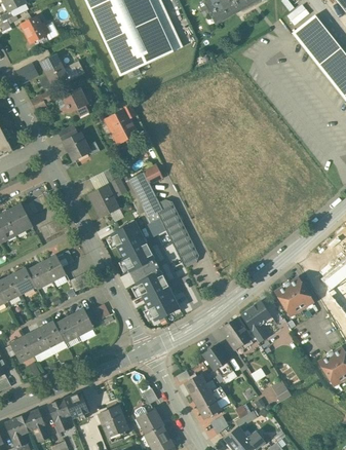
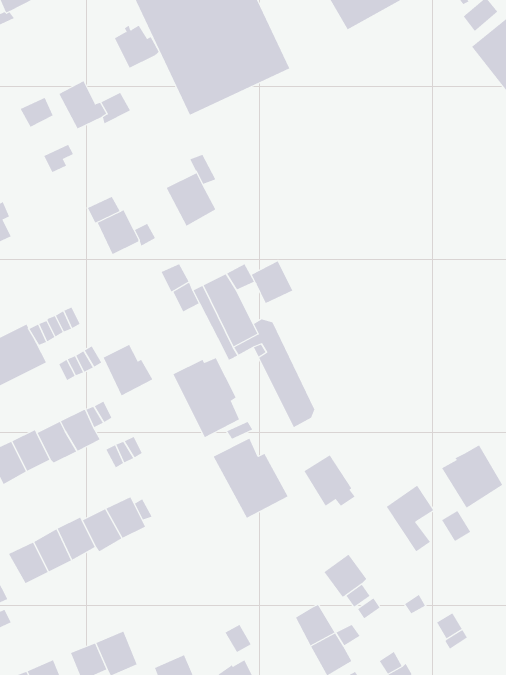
building: [21,15,48,42] -> [114,25,159,69]
building: [55,90,87,114] -> none
building: none -> [250,260,293,304]
building: [89,185,120,217] -> [103,344,153,396]
building: [221,317,253,349] -> [303,455,355,507]

